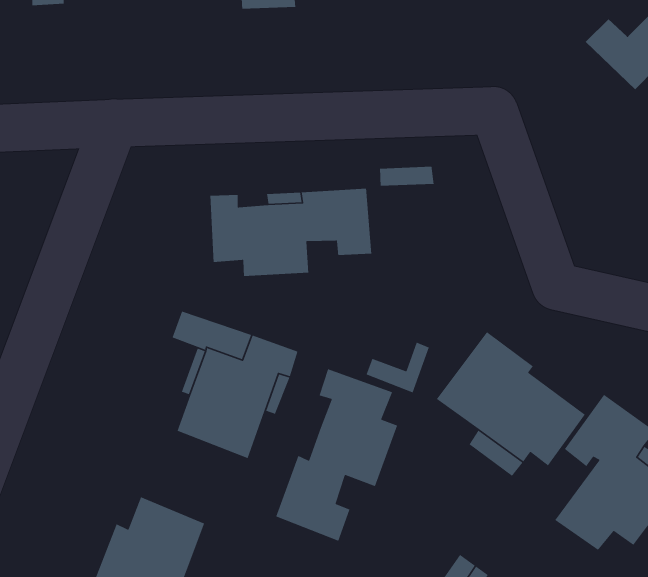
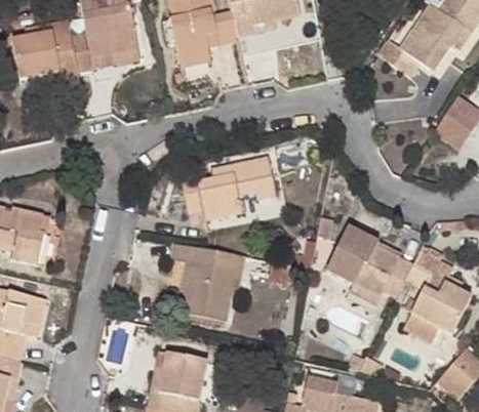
building: [275,368,398,542] -> none

